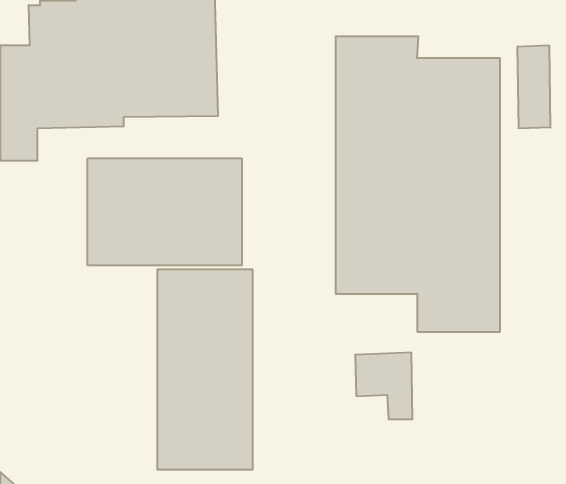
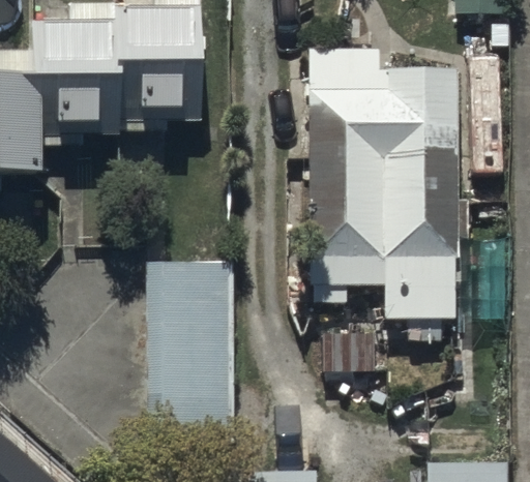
building: [88,158,242,265] -> none

